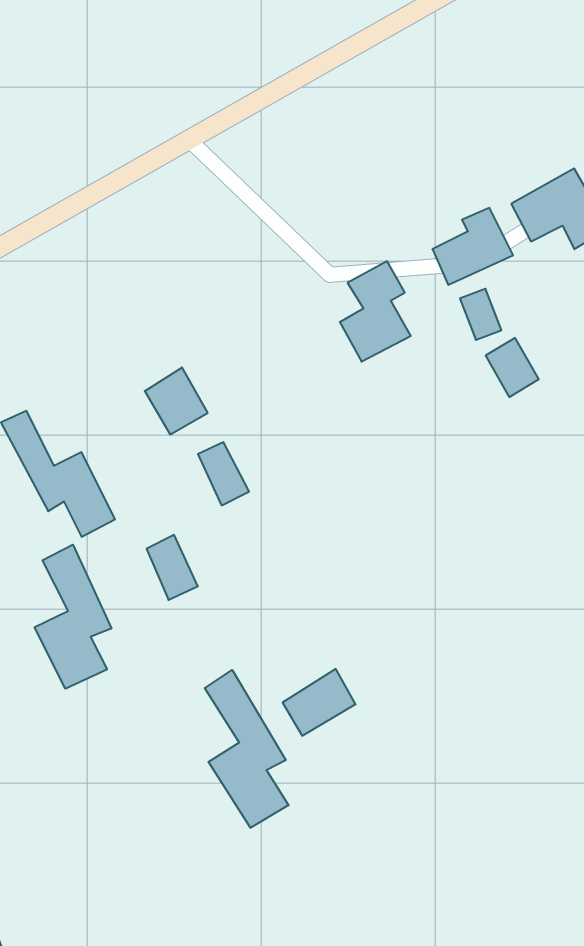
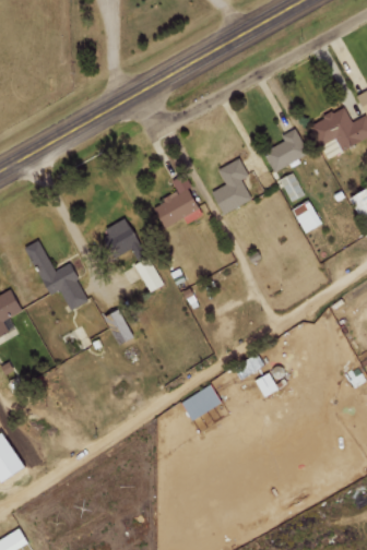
building: none -> [156,188,202,227]
building: [35,545,111,689] -> none
building: [205,670,289,828] -> none

